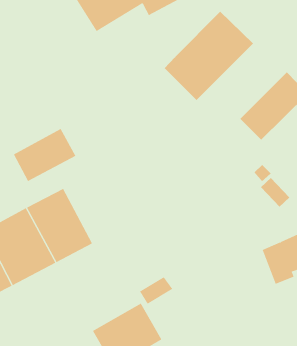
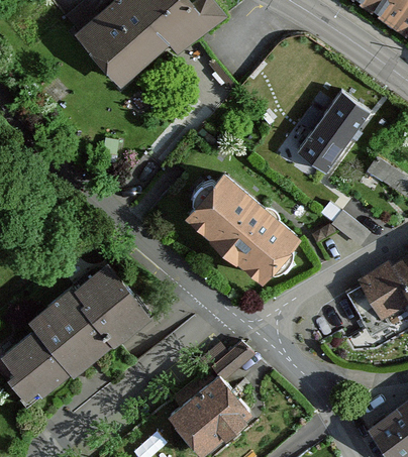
building: [164,11,254,101] -> none
building: [13,128,76,182] -> none
building: none -> [186,175,295,278]

